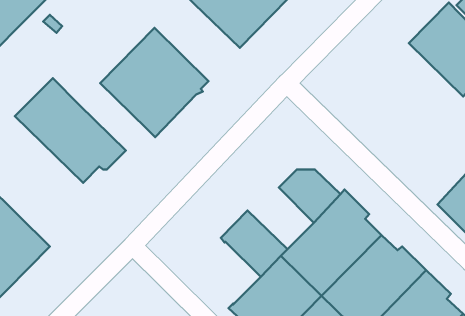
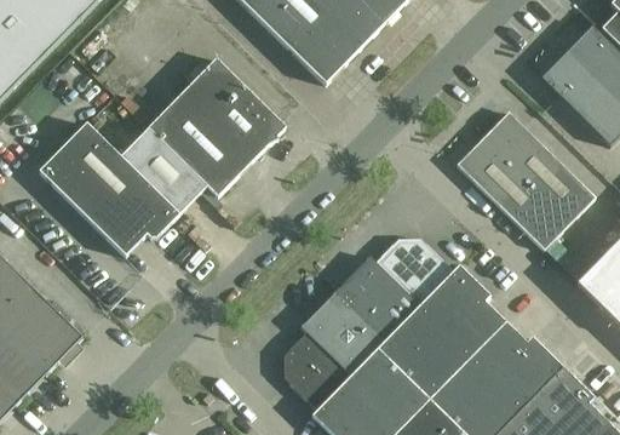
building: none -> [455,110,595,248]
building: none -> [120,127,206,213]
building: none -> [334,254,419,339]
building: none -> [283,330,351,410]

